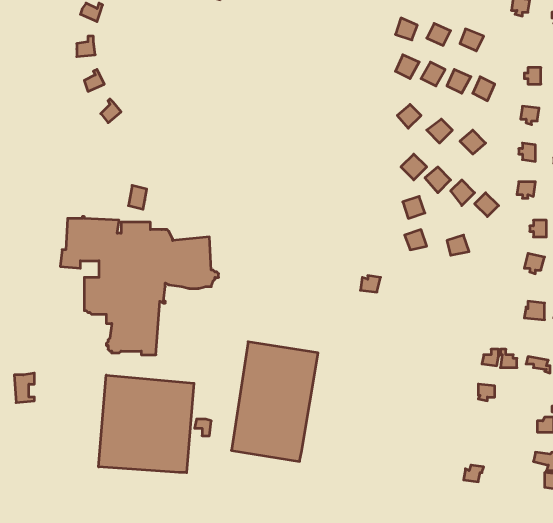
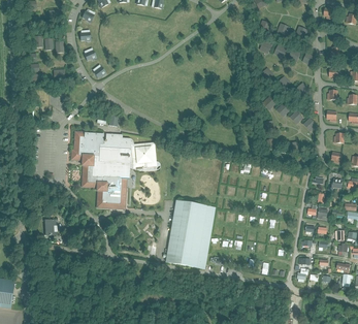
building: [99,375,194,473] -> none

